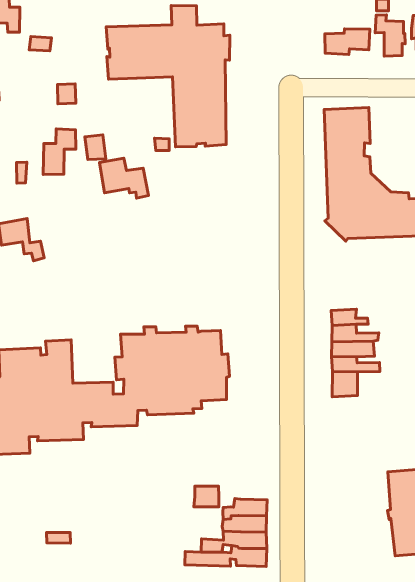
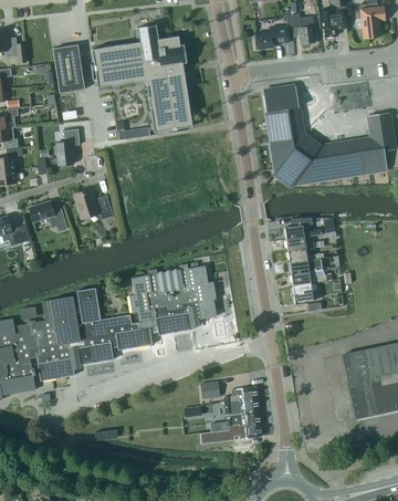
building: none -> [53,44,85,93]
building: [99,158,149,198] -> [74,190,114,219]
building: none -> [285,218,323,240]

